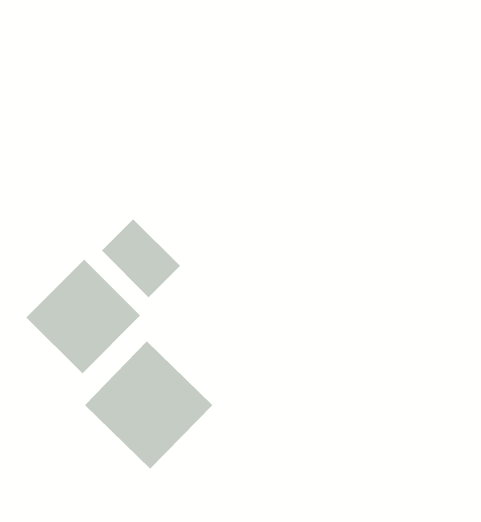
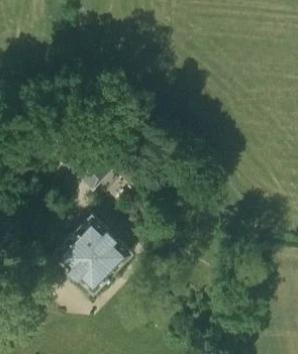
building: [26,259,141,374] -> none

